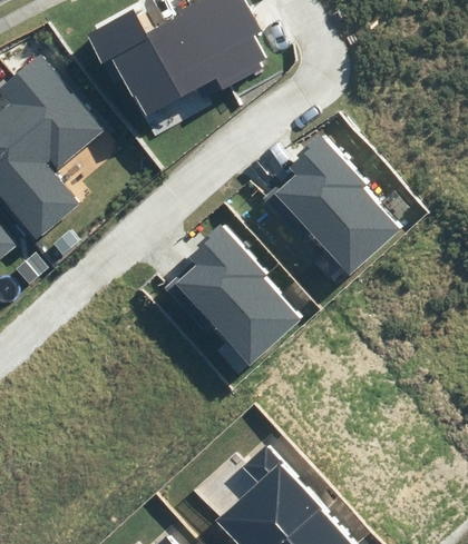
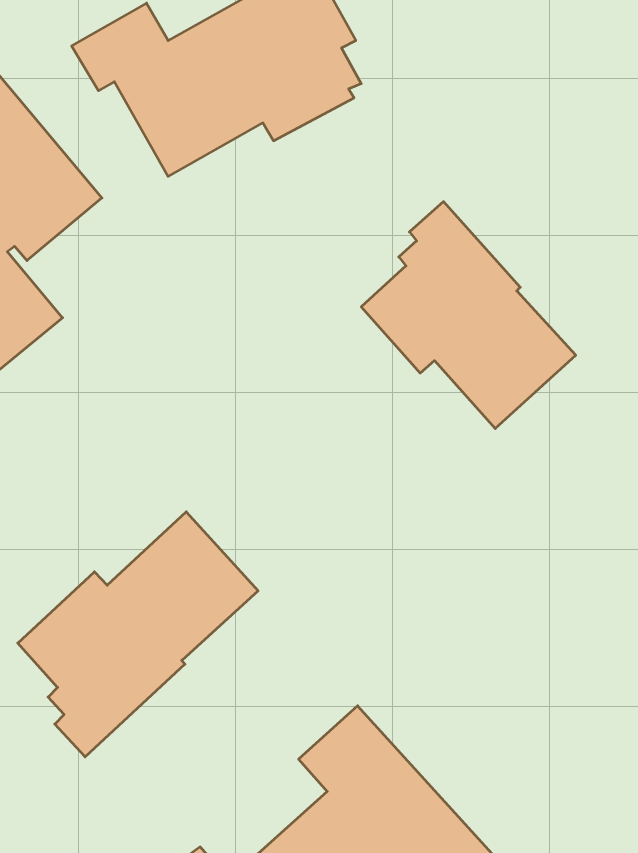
building: [164,224,300,365] -> none
building: none -> [18,512,258,757]

